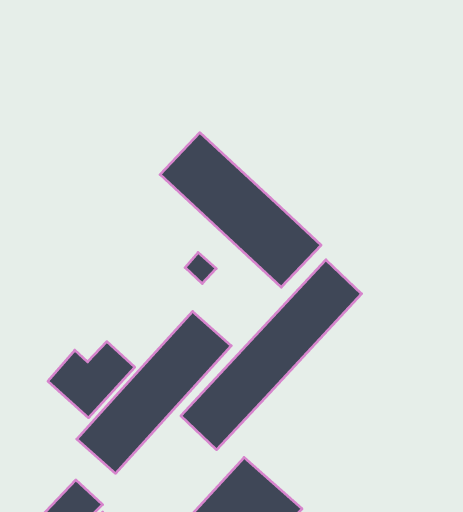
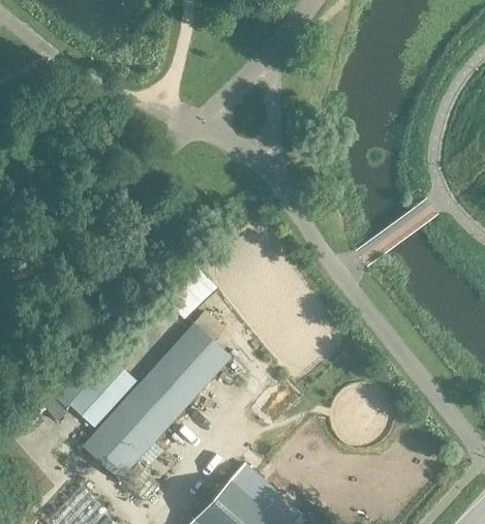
building: [160,133,321,287] -> none
building: [181,260,362,450] -> none

